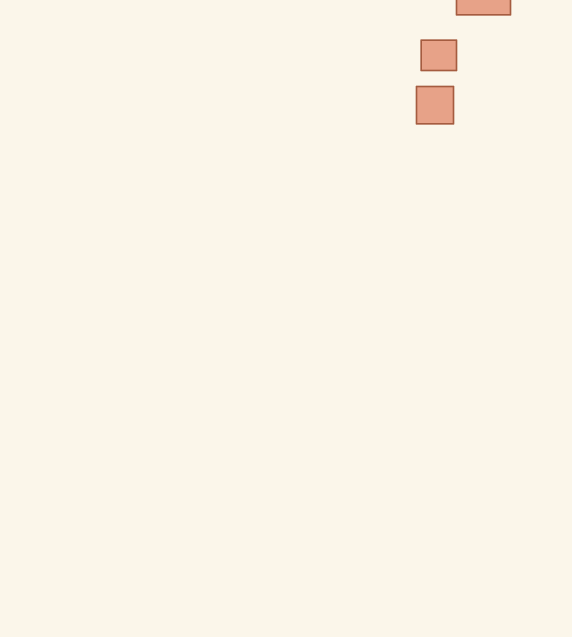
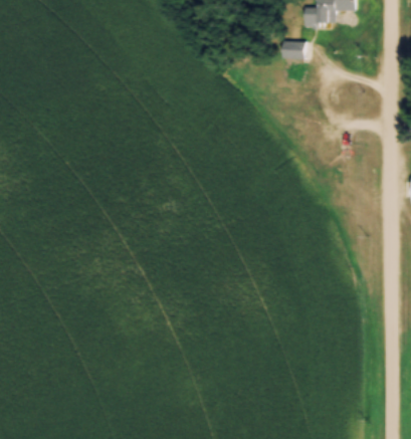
building: [417,86,453,124] -> none

